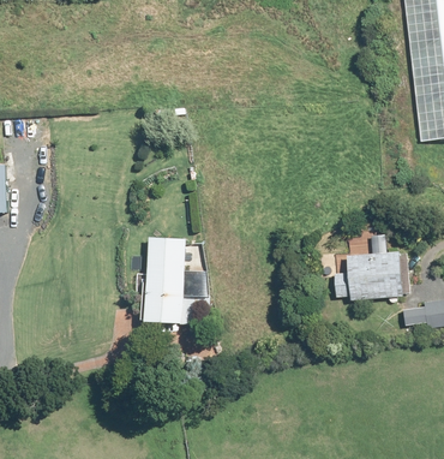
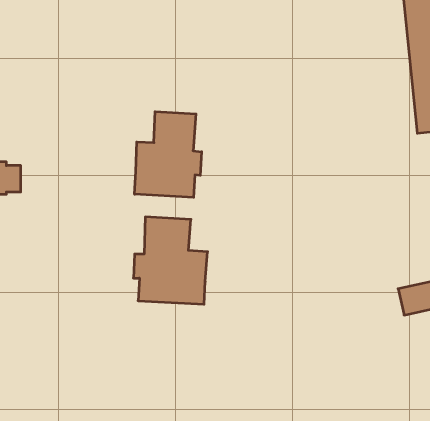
building: none -> [135,112,202,197]
building: [334,233,413,299] -> none

